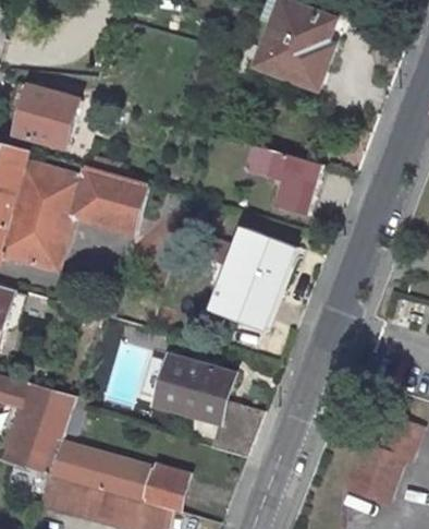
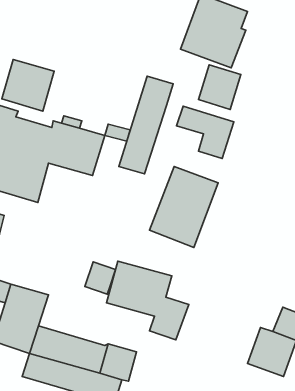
building: none -> [199,65,241,109]
building: none -> [119,76,173,174]
building: none -> [85,262,116,294]

